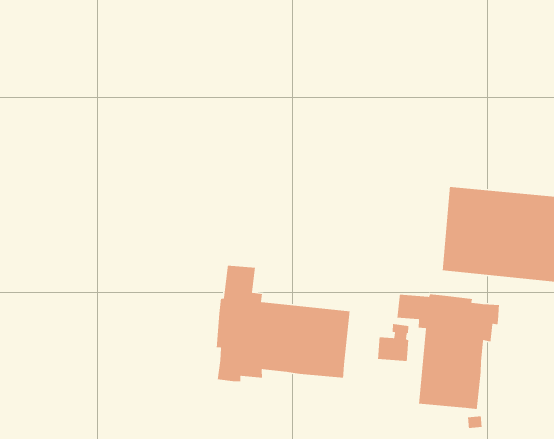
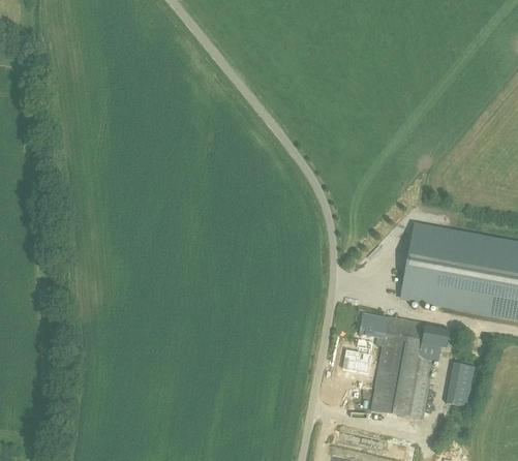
building: [216,265,350,382] -> none
building: none -> [447,363,474,406]

